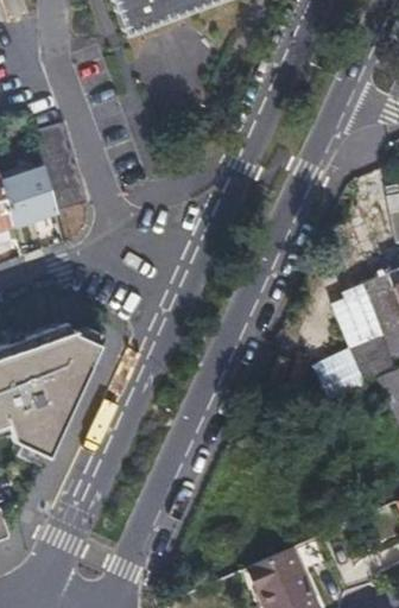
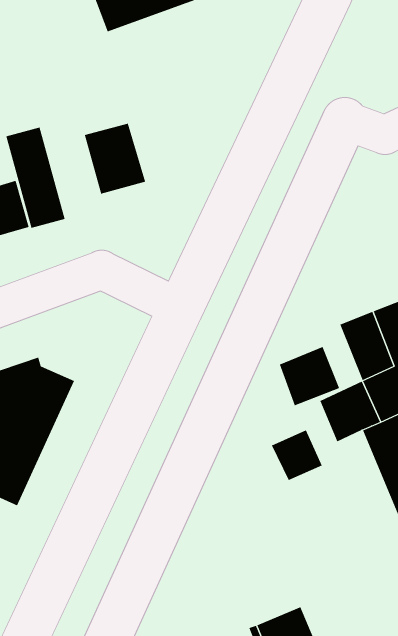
building: none -> [84,123,146,194]
building: none -> [279,346,340,406]
building: none -> [271,429,323,481]

